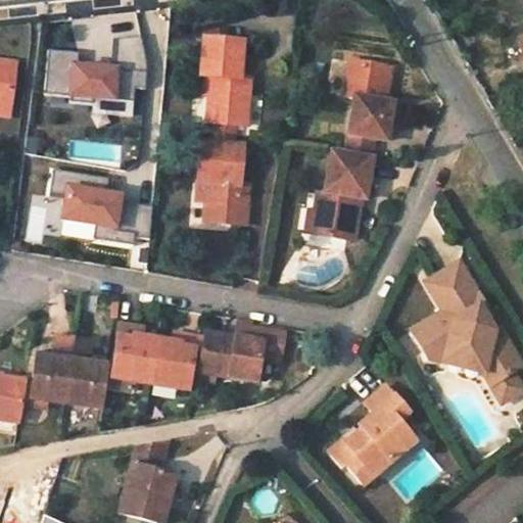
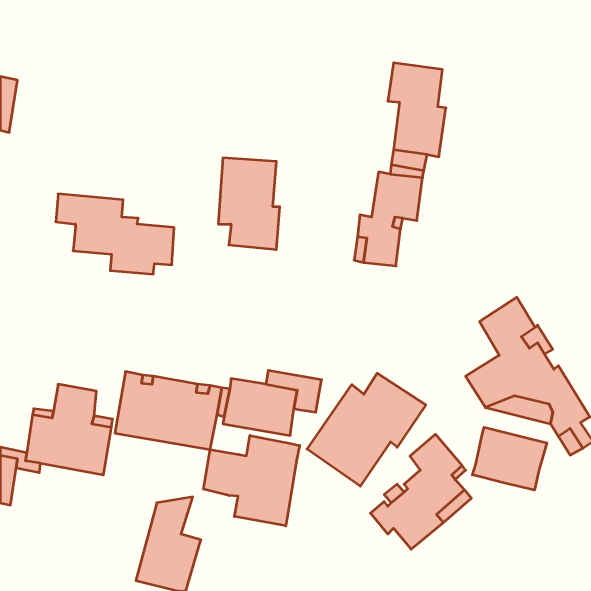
building: [199,33,253,123] -> none
building: [45,35,148,103] -> none
building: none -> [307,373,426,486]
building: none -> [472,427,547,490]
building: none -> [203,435,300,526]

